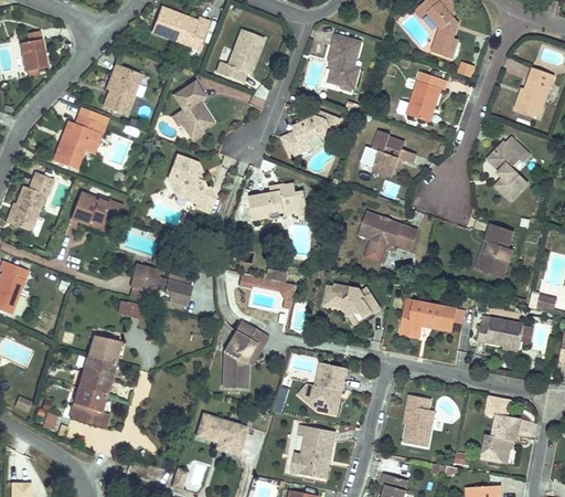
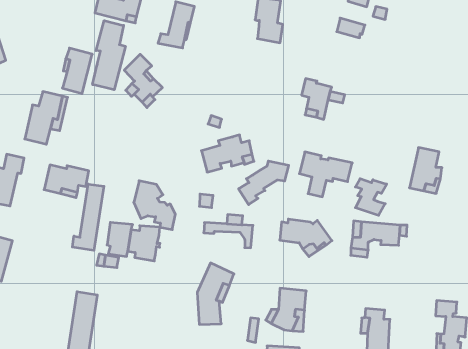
building: none -> [93,21,125,90]
building: [514,70,553,117] -> none
building: [404,84,439,120] -> none
building: [282,113,341,158] -> [239,161,289,205]
building: [486,137,530,200] -> none
building: [169,156,213,214] -> [134,181,175,230]
building: none -> [72,184,104,250]
building: none -> [355,179,387,215]
building: [479,316,525,350] -> none

